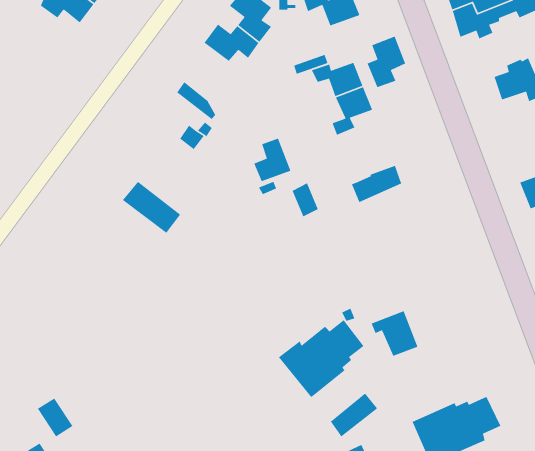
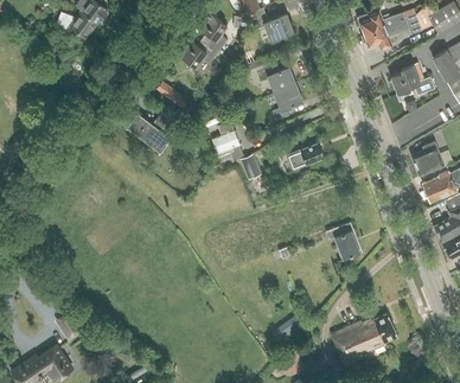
building: [367,36,406,88] -> none
building: [122,181,181,234] -> [126,114,170,153]
building: [370,310,418,357] -> [326,224,362,258]
building: [278,319,364,398] -> none

